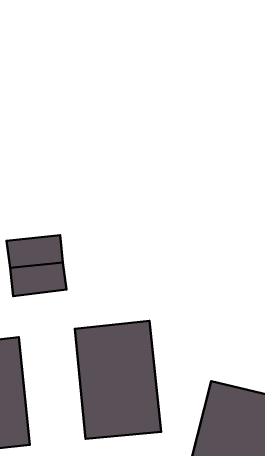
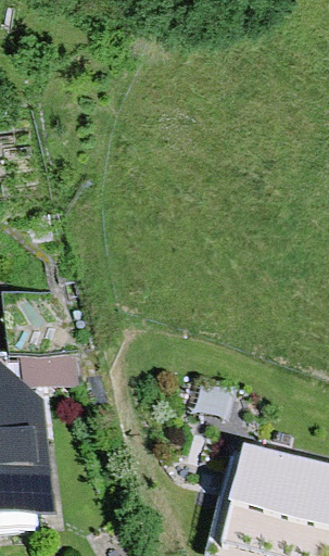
building: [75,321,161,439] -> none

